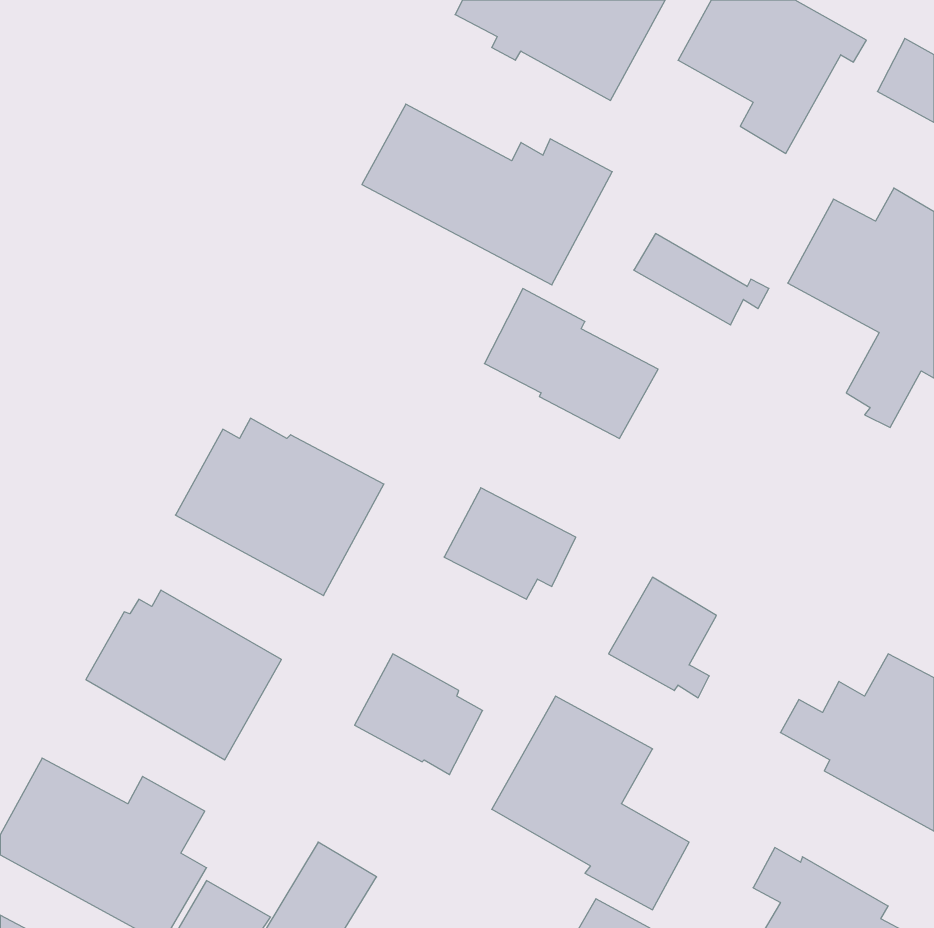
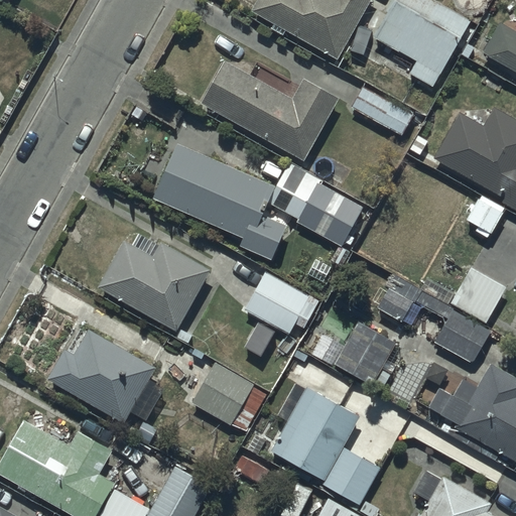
building: [634,234,769,325] -> [350,86,424,136]
building: none -> [151,142,286,260]
building: none -> [374,268,505,364]

